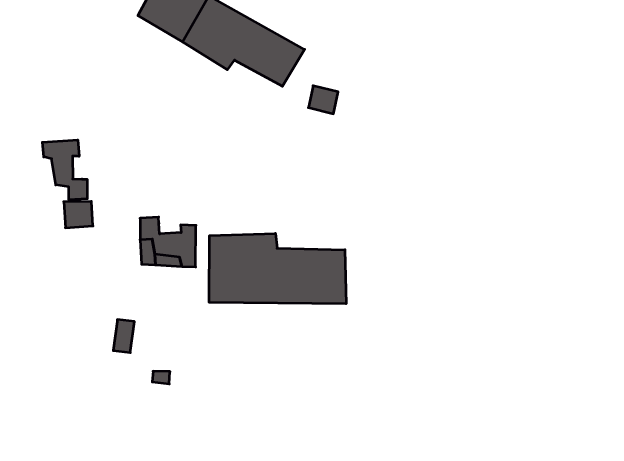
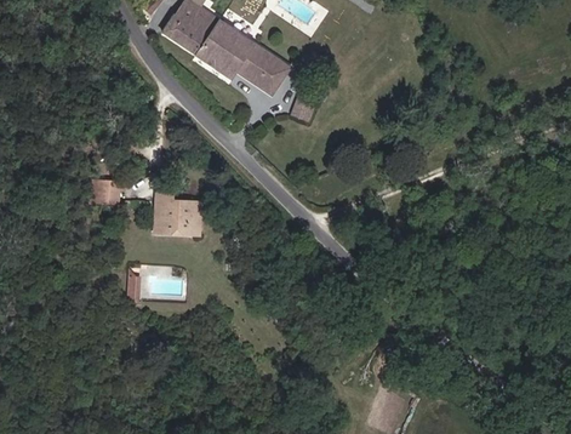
building: [42,140,87,200] -> none
building: [209,233,346,304] -> none

